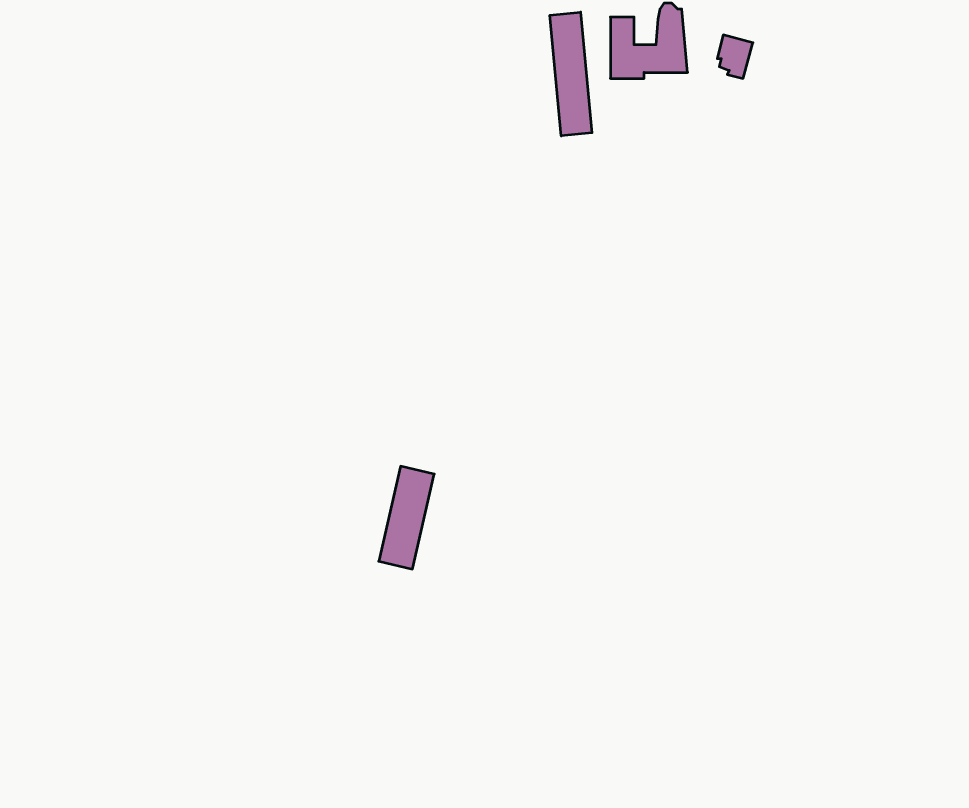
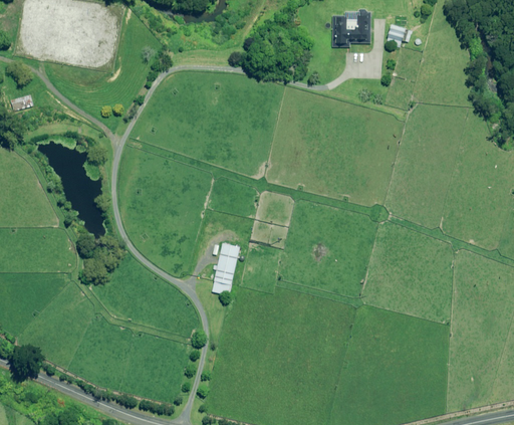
building: [550,12,592,136] -> none

